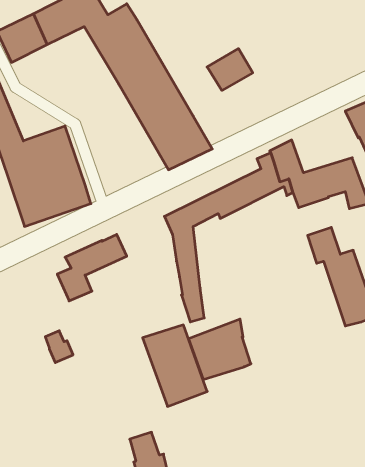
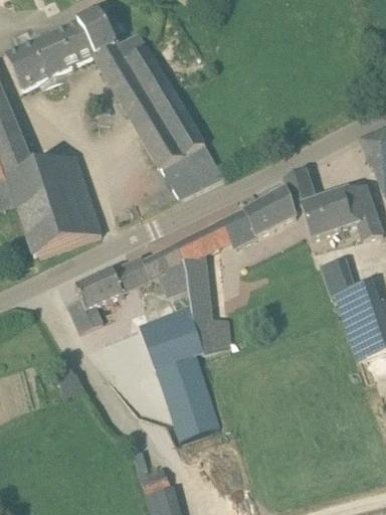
building: [207,49,253,90] -> none
building: none -> [128,245,188,296]
building: [188,319,251,380] -> [139,307,202,368]

